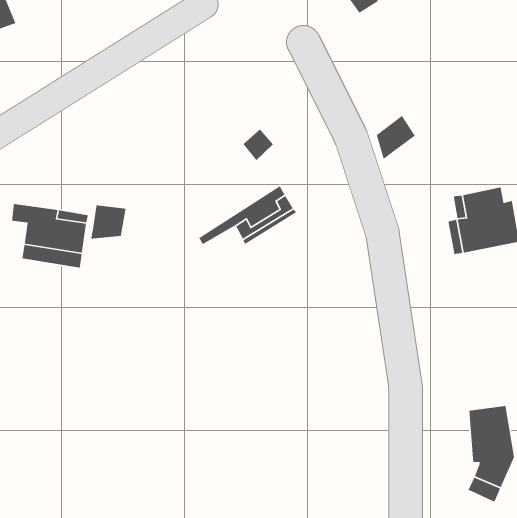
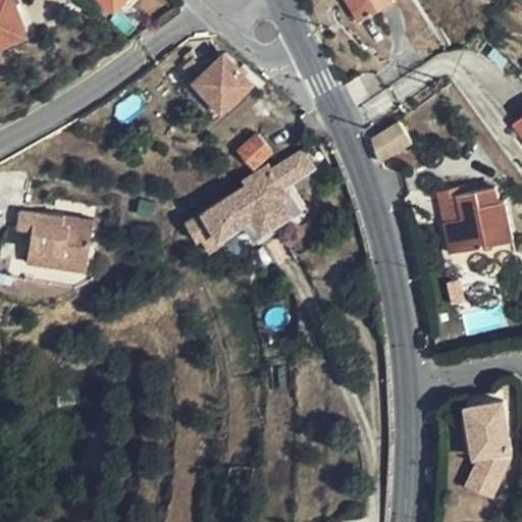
building: none -> [185,54,254,111]
building: none -> [190,152,311,241]
building: [90,204,127,240] -> none

